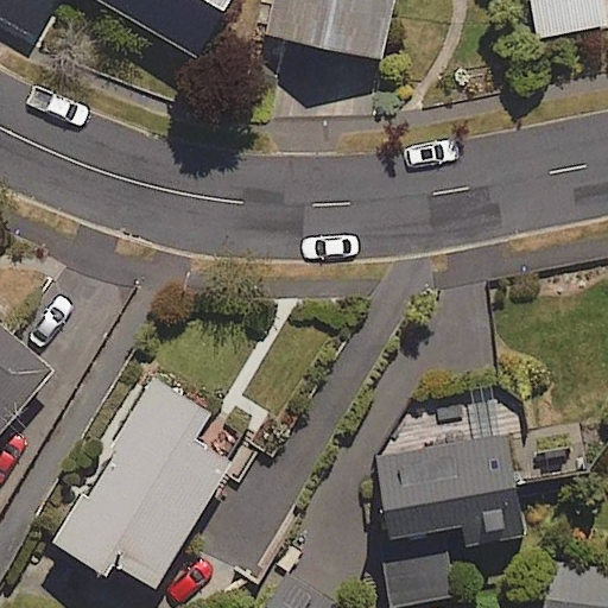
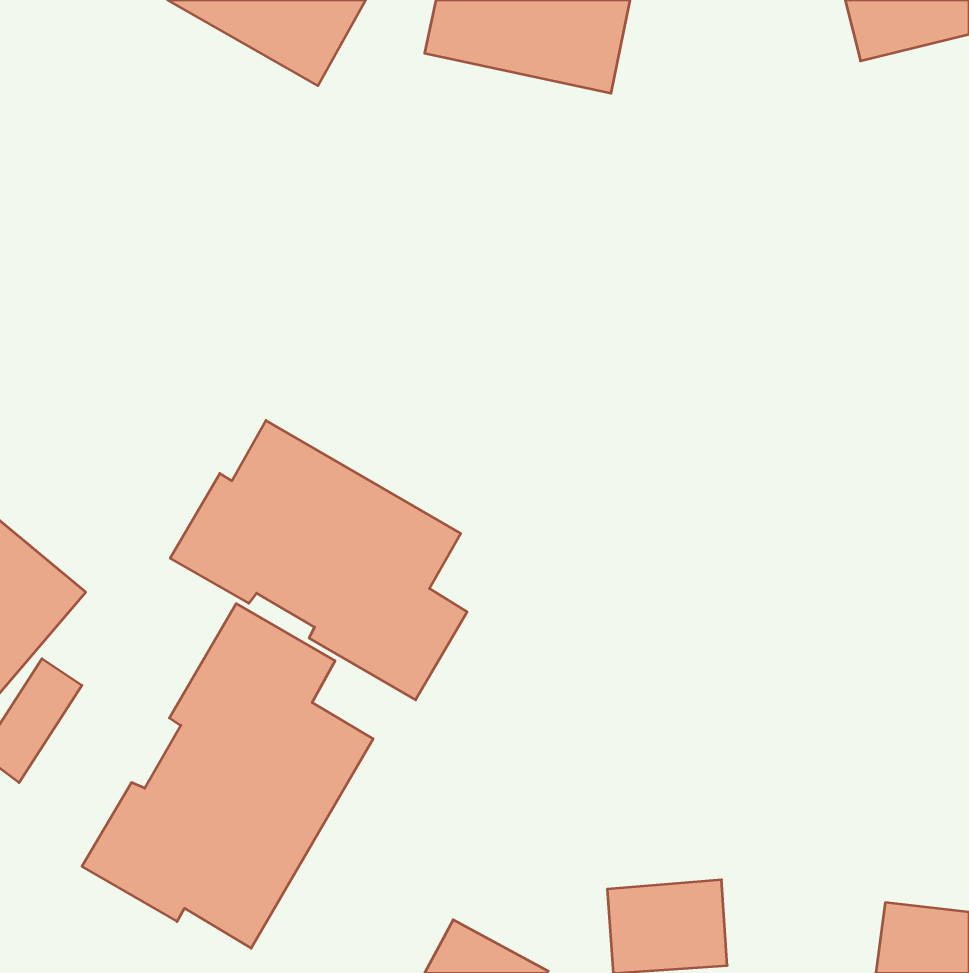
building: none -> [170,420,467,700]
building: [374,437,525,546] -> none

